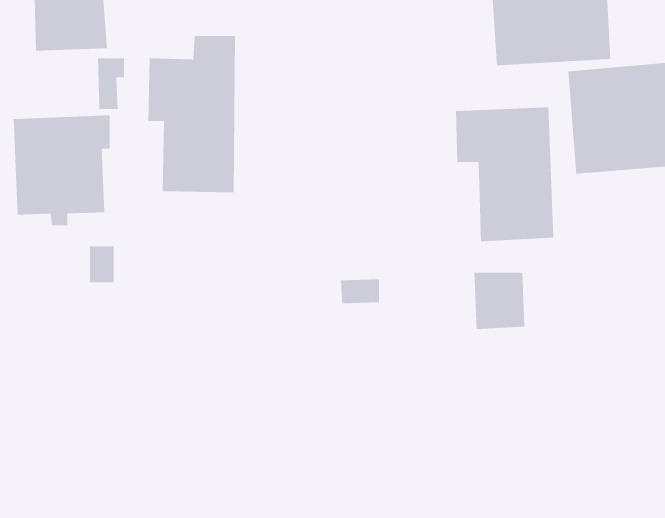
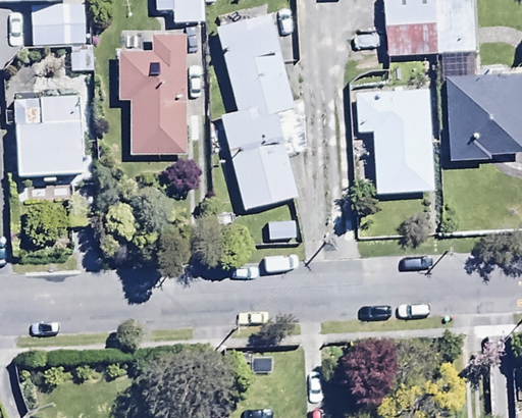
building: none -> [214,11,309,210]
building: [474,272,525,330] -> none

